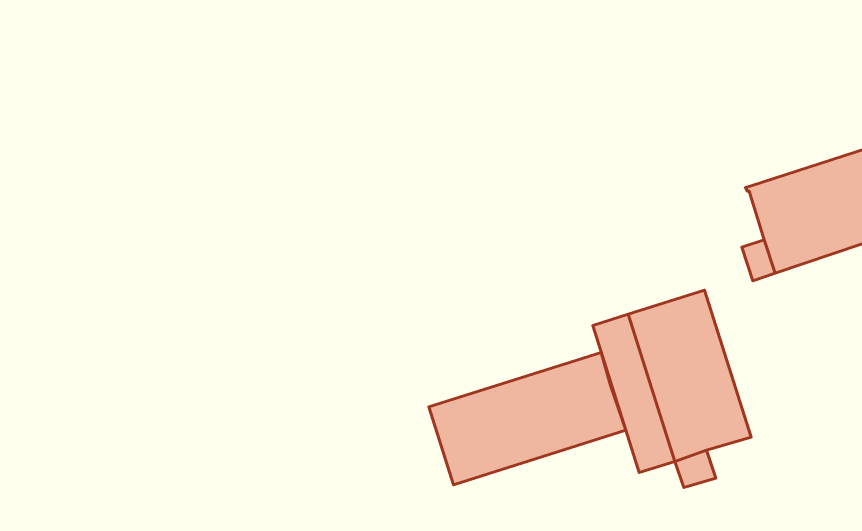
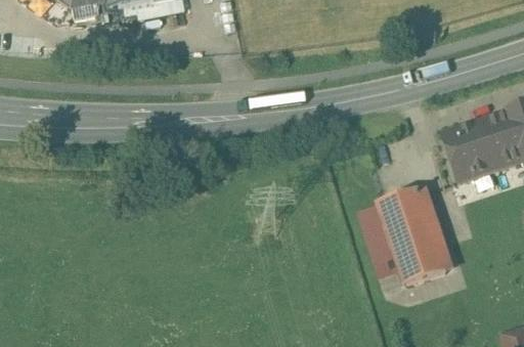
building: [429,352,626,485] -> none

